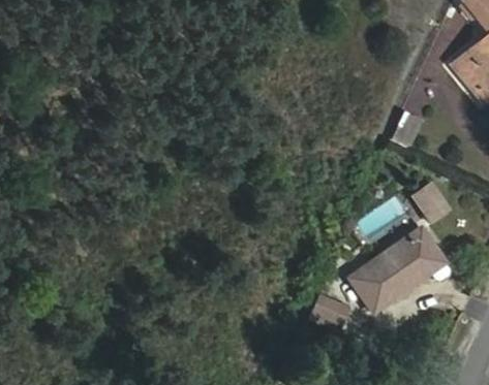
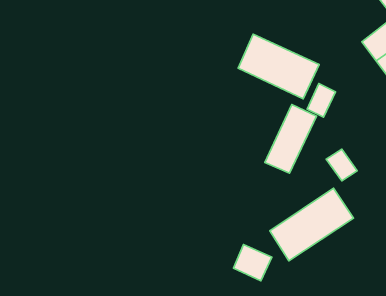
building: none -> [238,34,319,99]
building: none -> [265,105,316,173]

